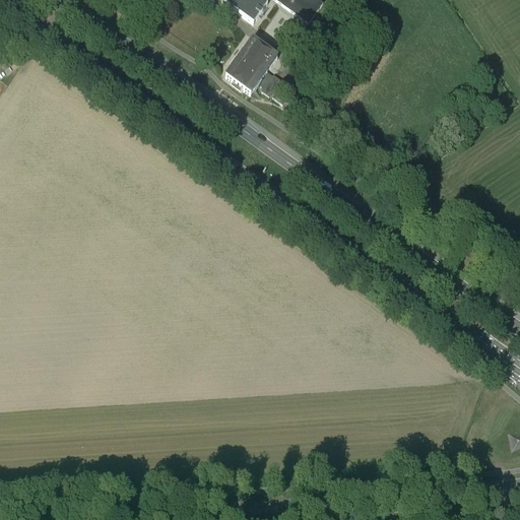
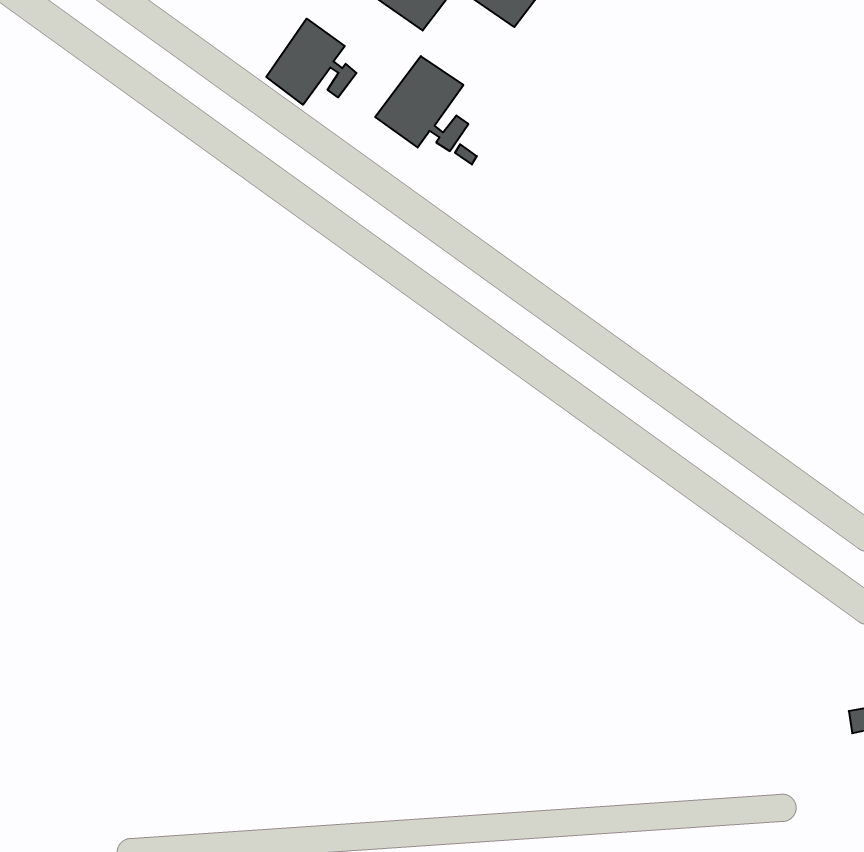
building: none -> [266,19,357,105]

